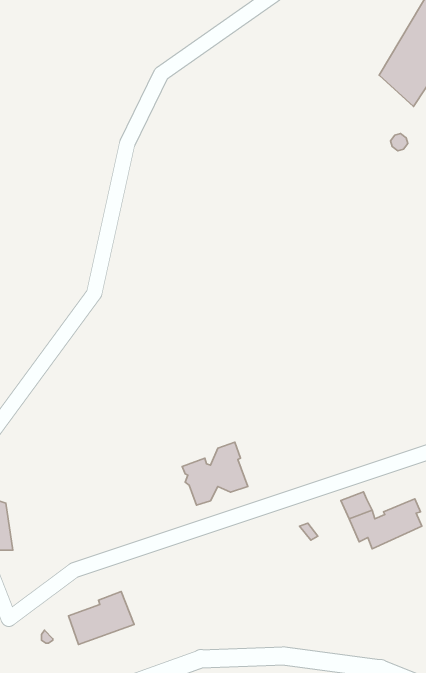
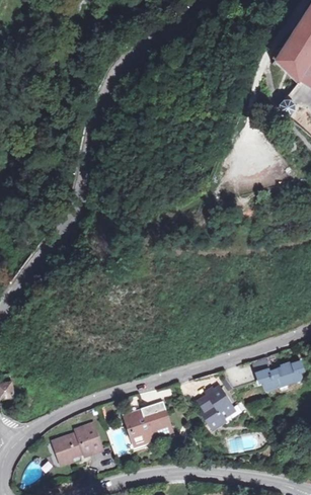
building: [182,442,248,505] -> [125,401,171,445]
building: none -> [202,386,232,428]

